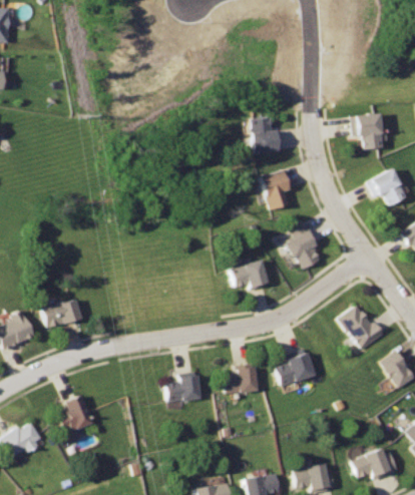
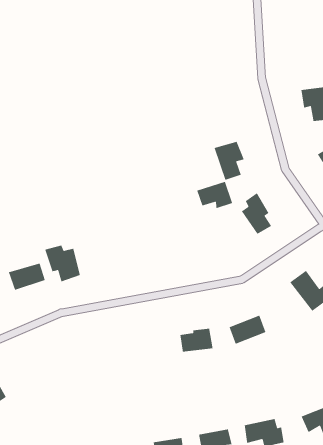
building: [253,116,282,153] -> none
building: [232,260,271,290] -> [196,181,233,209]
building: none -> [44,244,81,283]
building: [165,374,200,401] -> none
building: [55,395,93,433] -> none

